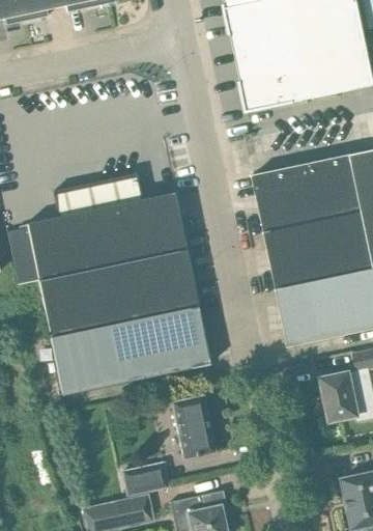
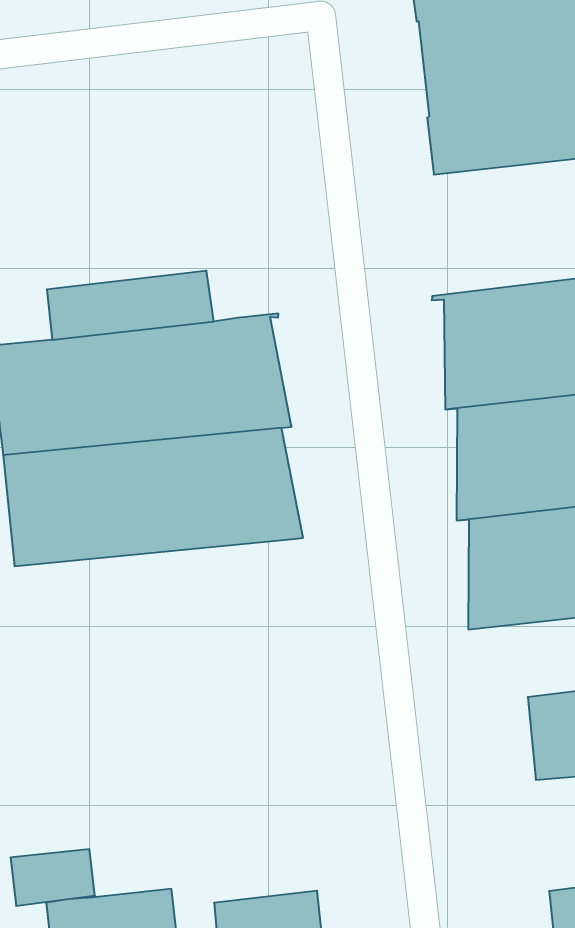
building: [49,308,208,395] -> none
building: [170,395,213,458] -> none
building: [121,463,167,496] -> [11,849,95,906]

